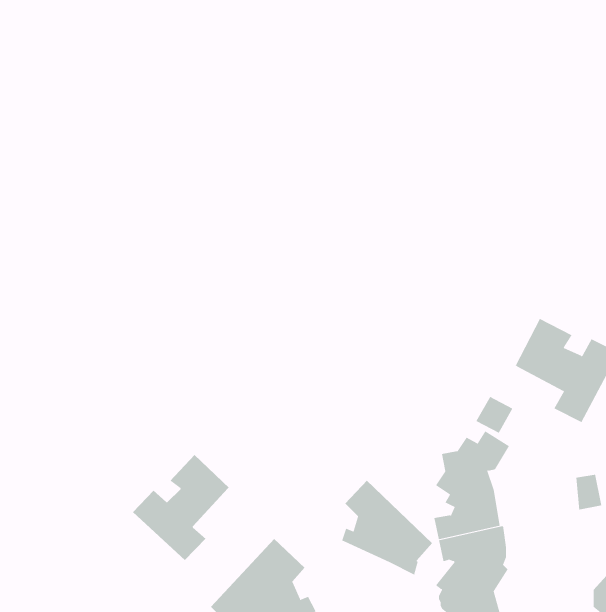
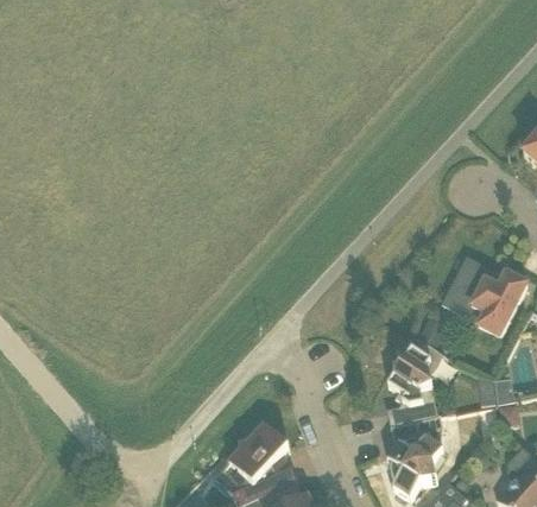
building: [132,454,230,561] -> none
building: [342,480,433,575] -> none

